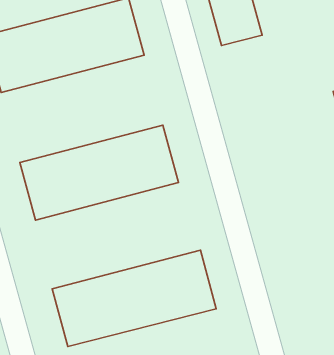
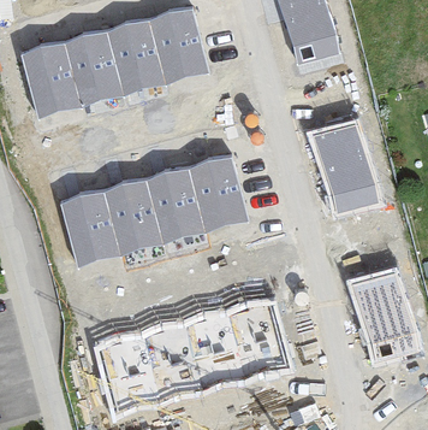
building: none -> [313,124,380,212]
building: none -> [352,272,418,361]

